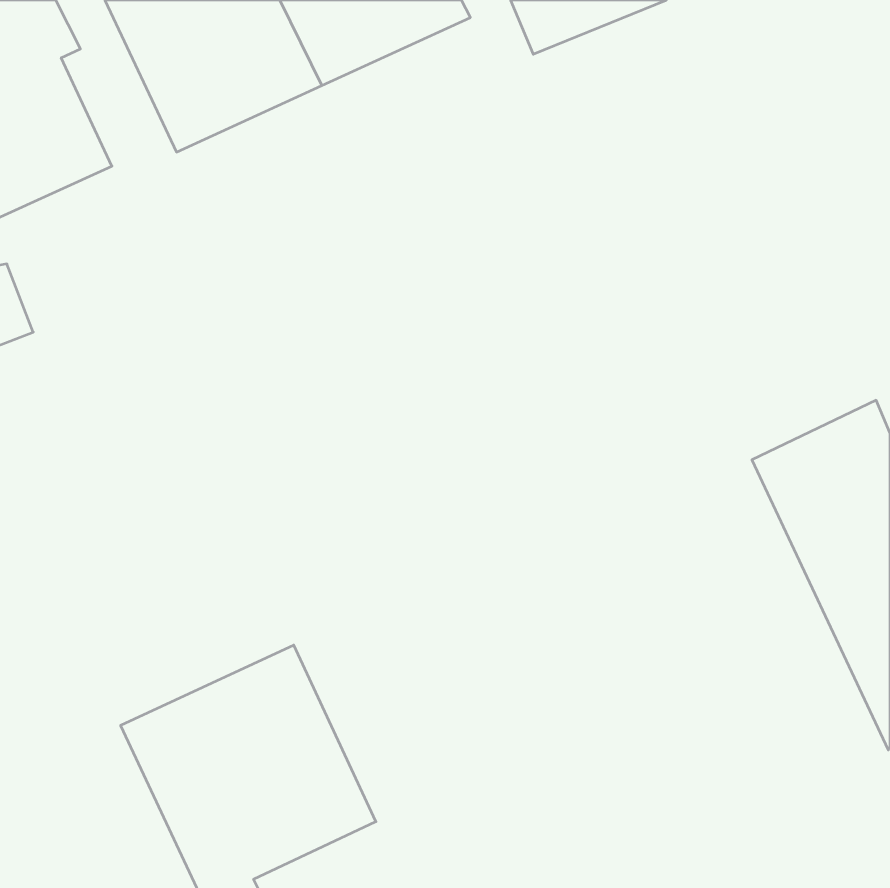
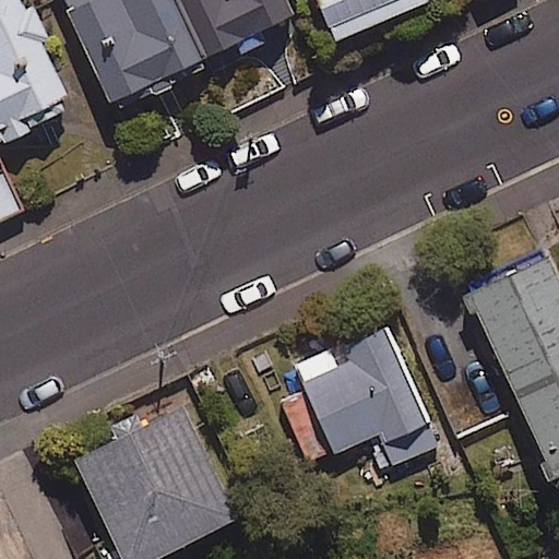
building: none -> [282,326,433,468]

